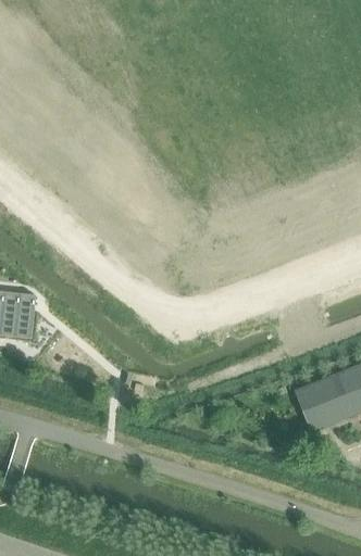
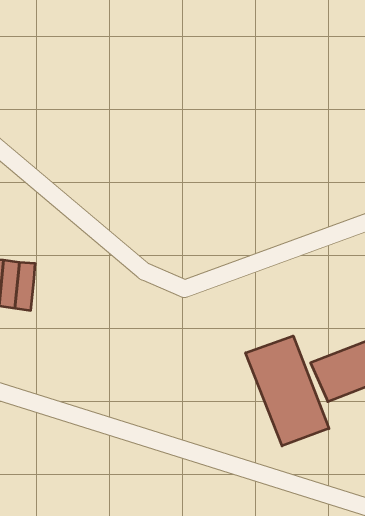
building: none -> [246,336,329,446]

